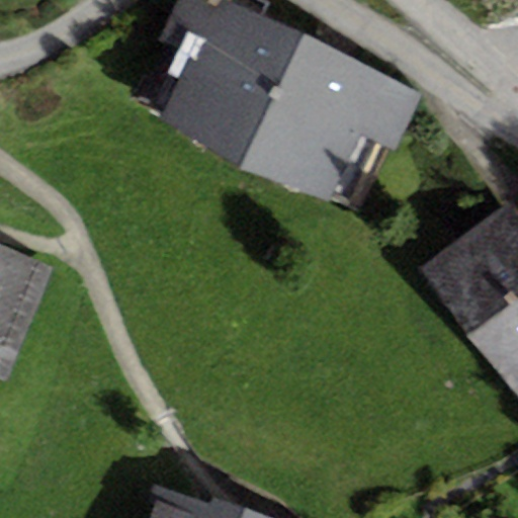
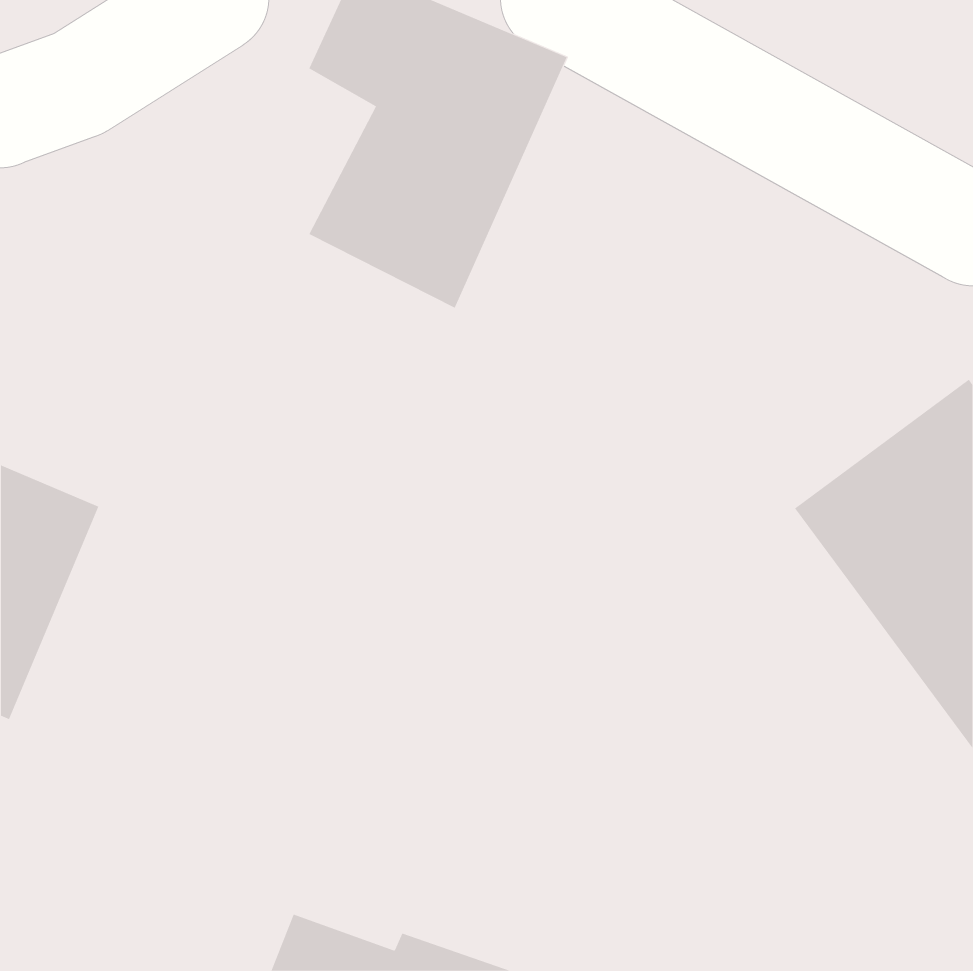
building: [242,30,421,203] -> none

